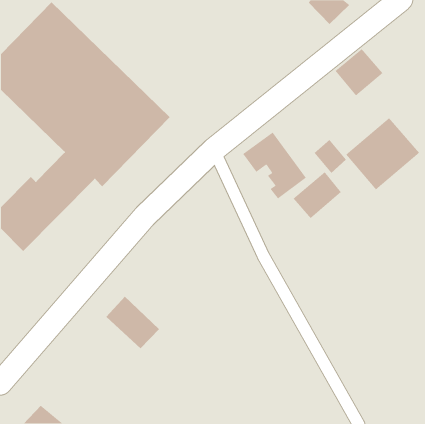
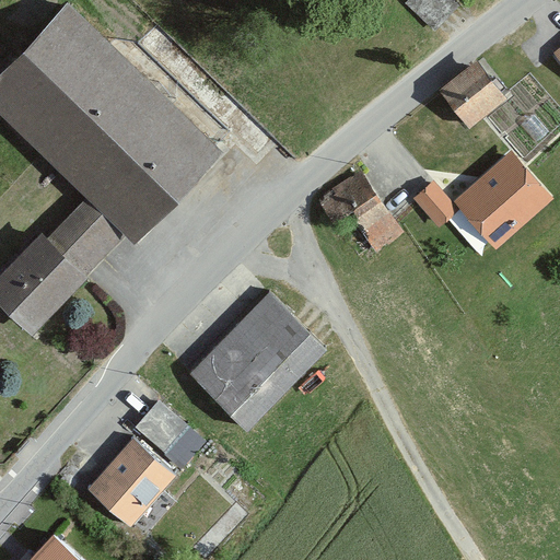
building: [292,171,342,219] -> none
building: none -> [188,291,325,430]
building: none -> [86,436,173,526]

